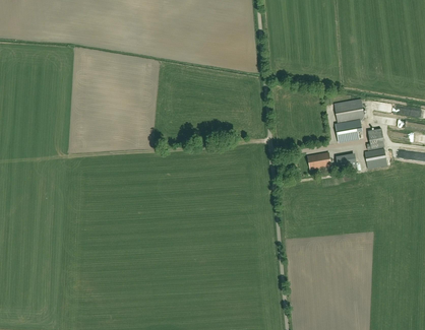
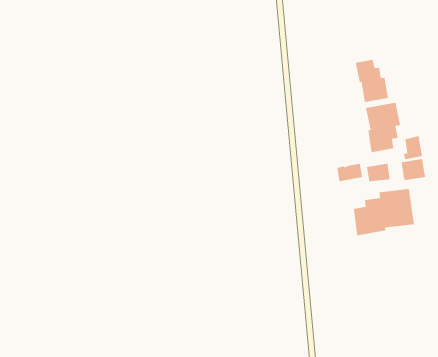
building: none -> [355,59,389,103]
building: none -> [353,188,414,236]

